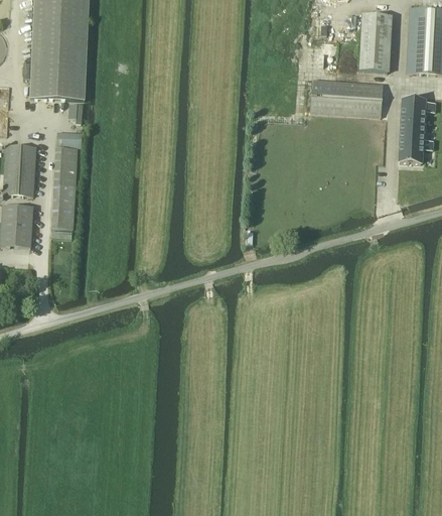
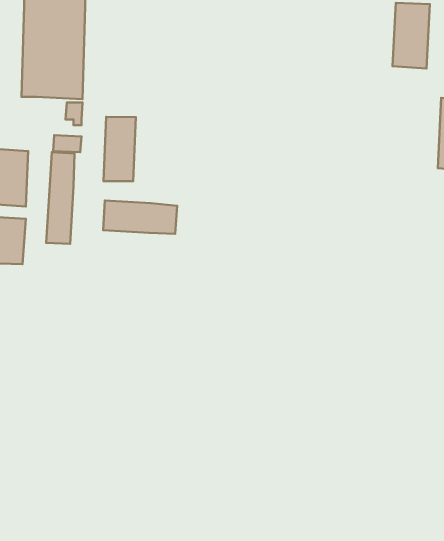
building: [310,80,383,117] -> none
building: none -> [103,117,136,181]
building: none -> [103,201,177,234]

